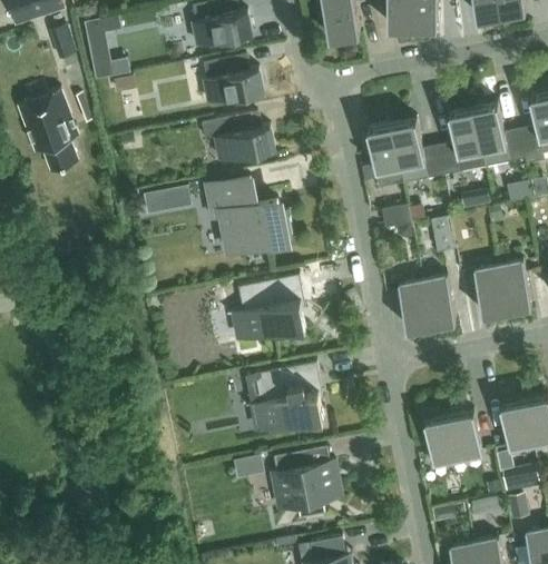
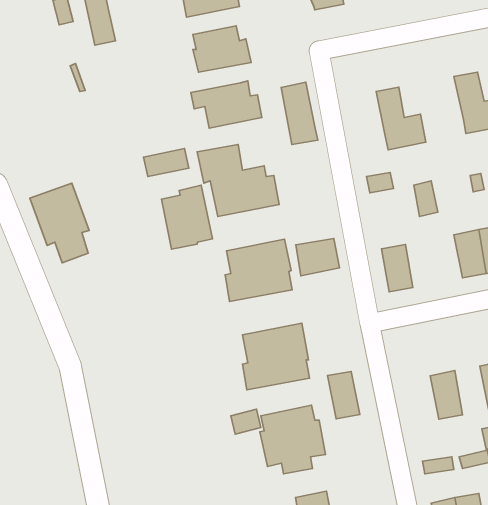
building: [19,90,80,172] -> [30,183,89,263]
building: [438,109,485,177] -> none
building: [366,125,404,189] -> [281,82,318,145]
building: none -> [162,185,212,249]
building: none -> [296,239,339,276]
building: [422,277,456,327] -> none
building: [423,418,457,467] -> [327,371,360,419]

